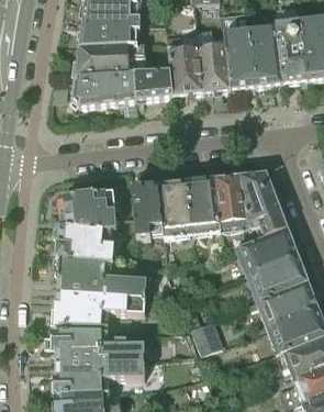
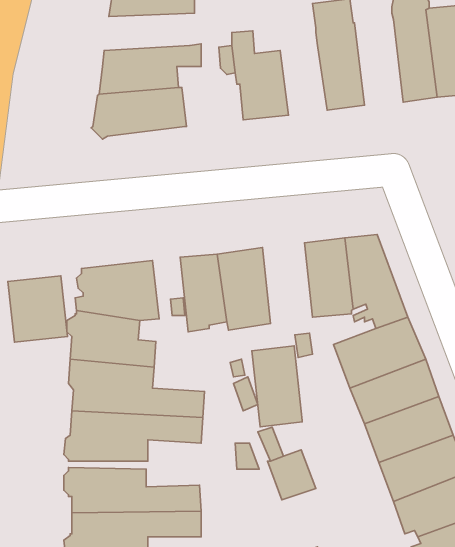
building: [80,21,142,46] -> none
building: [250,25,283,83] -> none
building: [200,43,232,90] -> none
building: [133,69,175,98] -> none
building: [188,177,222,232] -> [252,346,302,427]
building: none -> [8,276,67,342]

